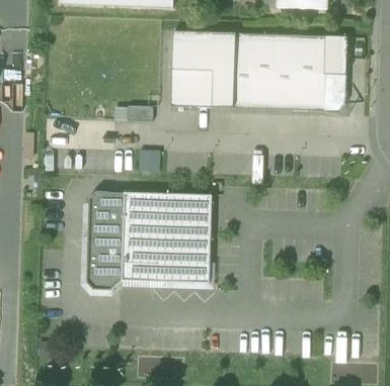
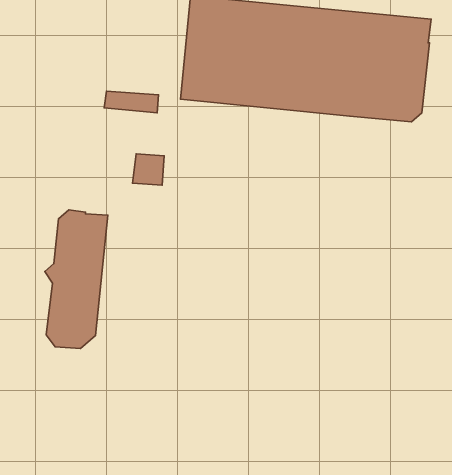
building: [121,192,211,283] -> none

